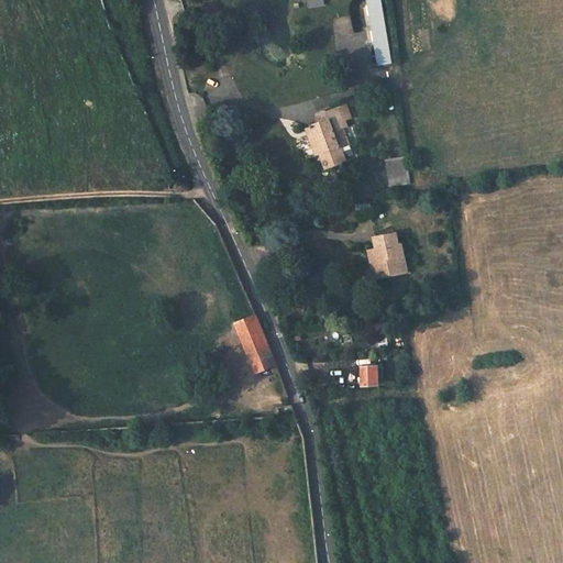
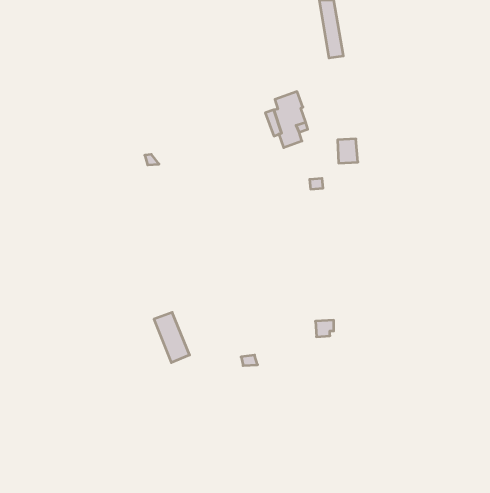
building: [368,233,401,275] -> none
building: [233,314,274,372] -> [154,312,190,363]

